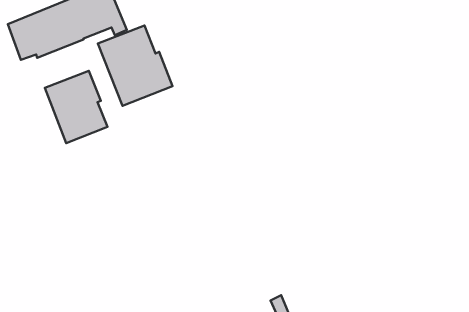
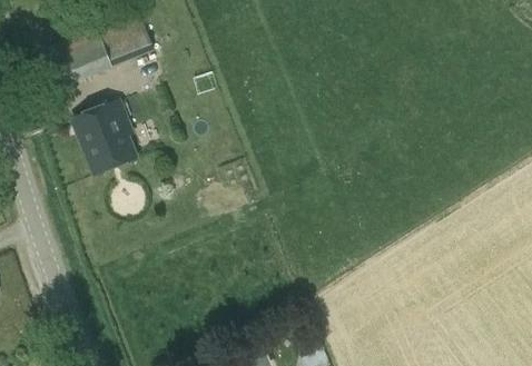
building: [98,25,173,106] -> none

